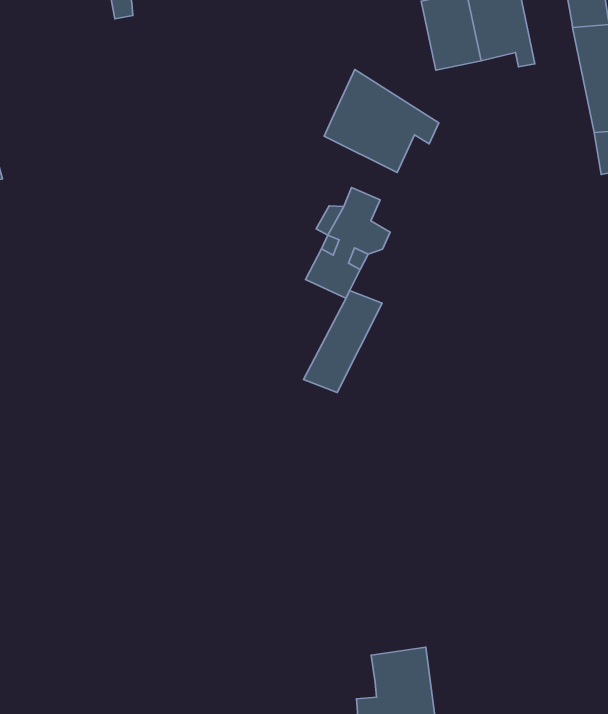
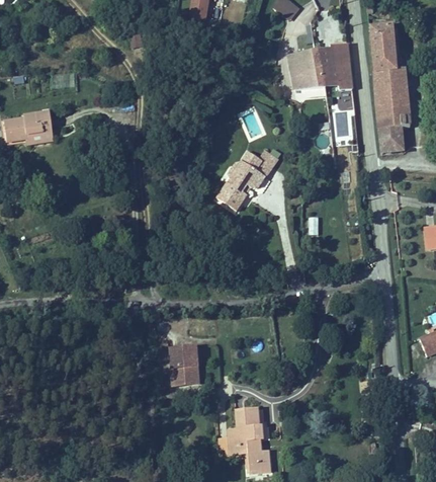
building: [324,69,439,173] -> none
building: [303,291,382,393] -> none
building: none -> [173,347,199,385]

